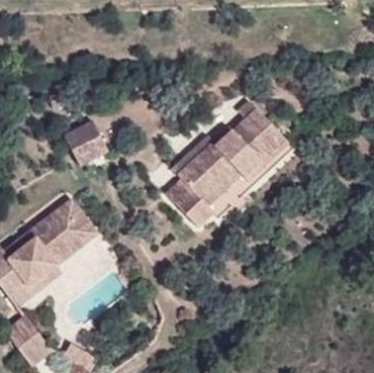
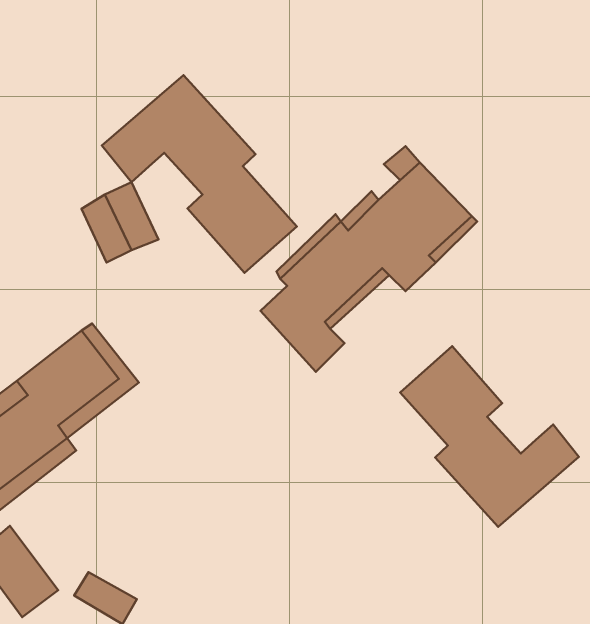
building: none -> [102,75,297,273]
building: none -> [400,346,579,527]

